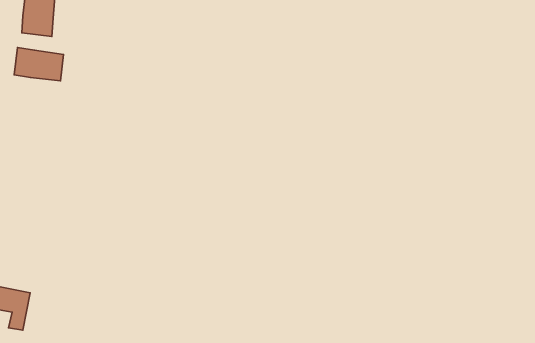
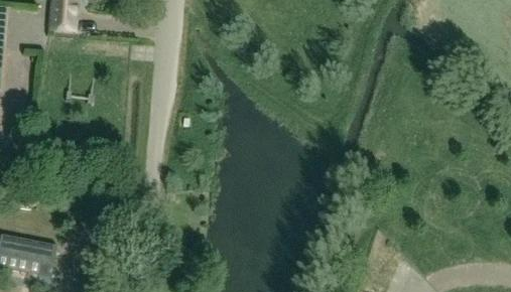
building: [14,47,63,81] -> none

